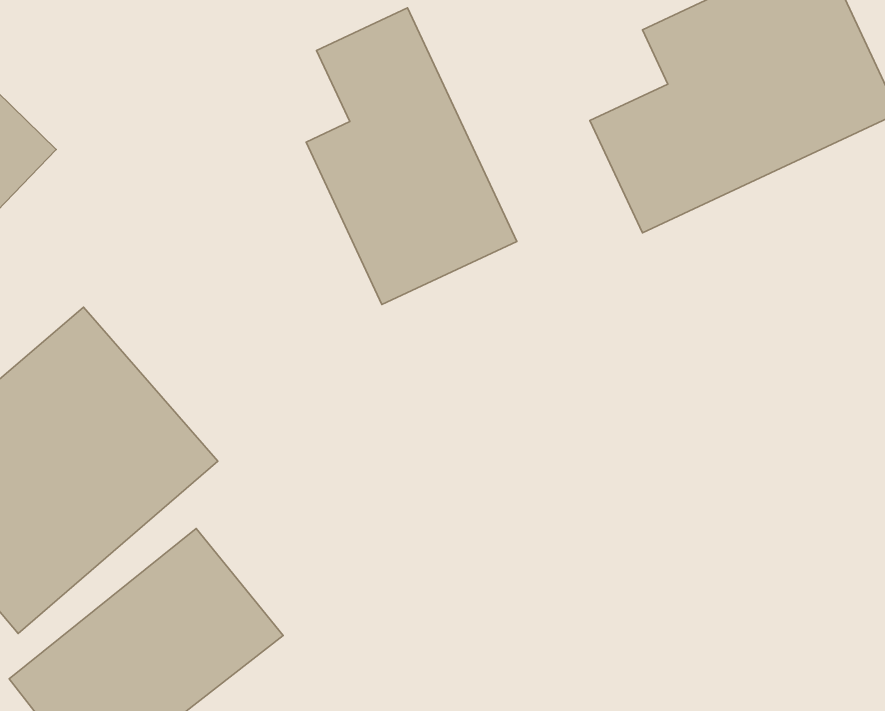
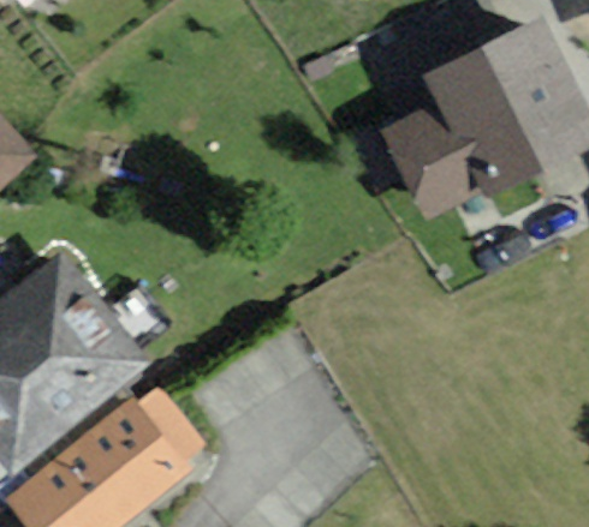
building: [306,8,517,304] -> none

